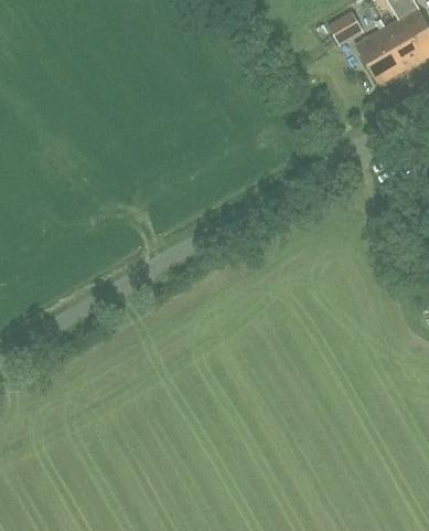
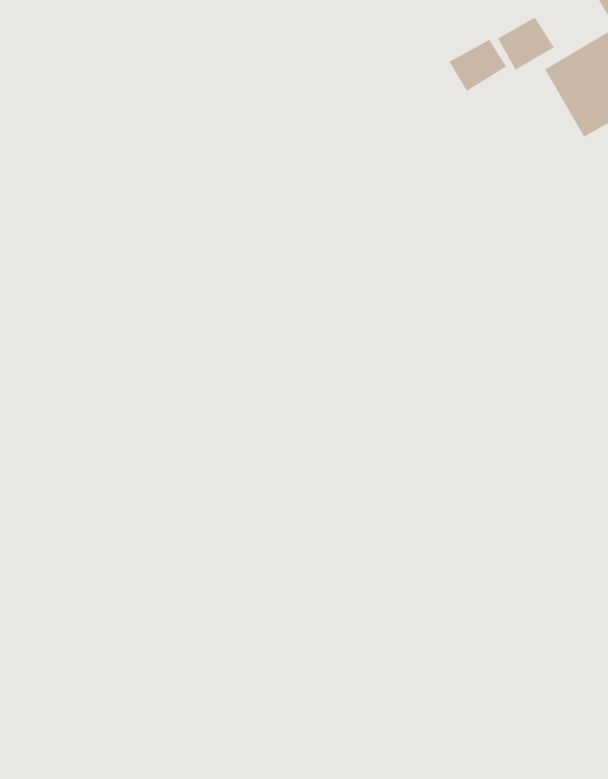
building: none -> [449,39,507,92]

